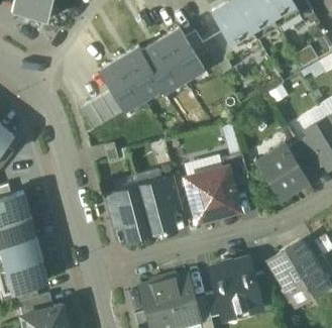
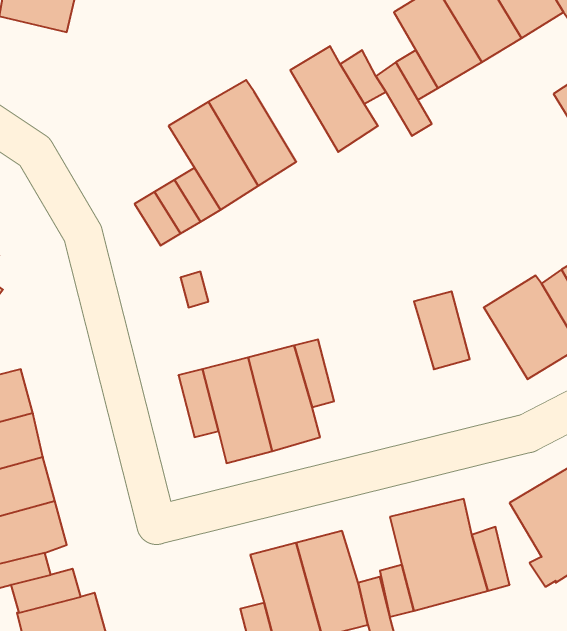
building: [141,40,184,92] -> none
building: [187,168,236,218] -> none

